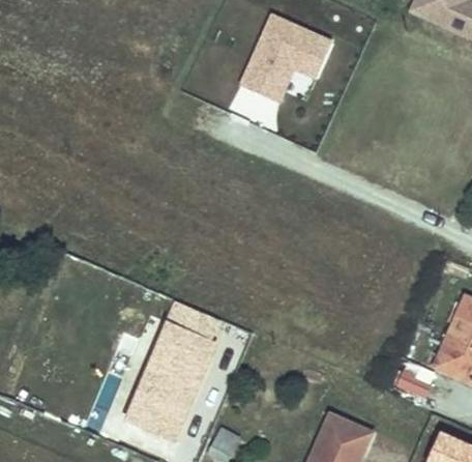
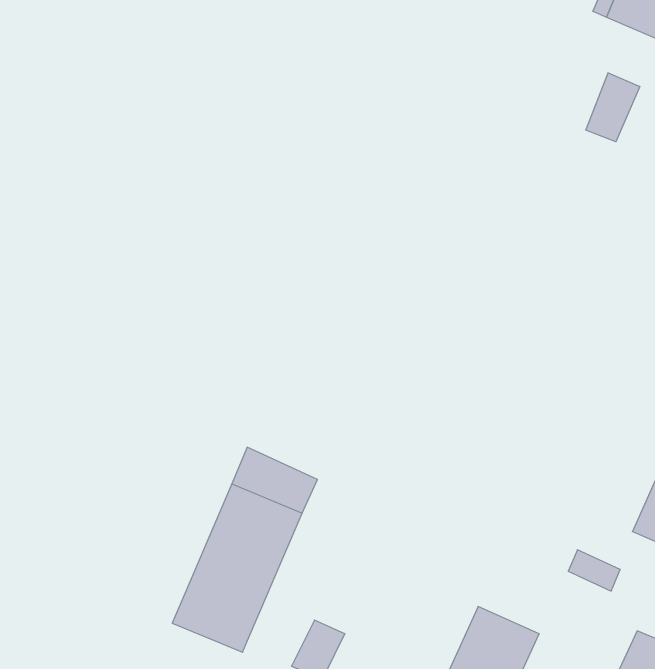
building: [242,12,335,100] -> none
building: none -> [586,73,640,142]

